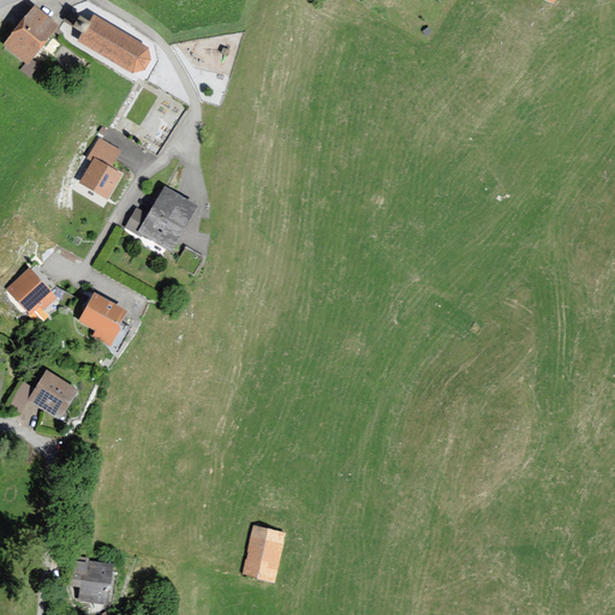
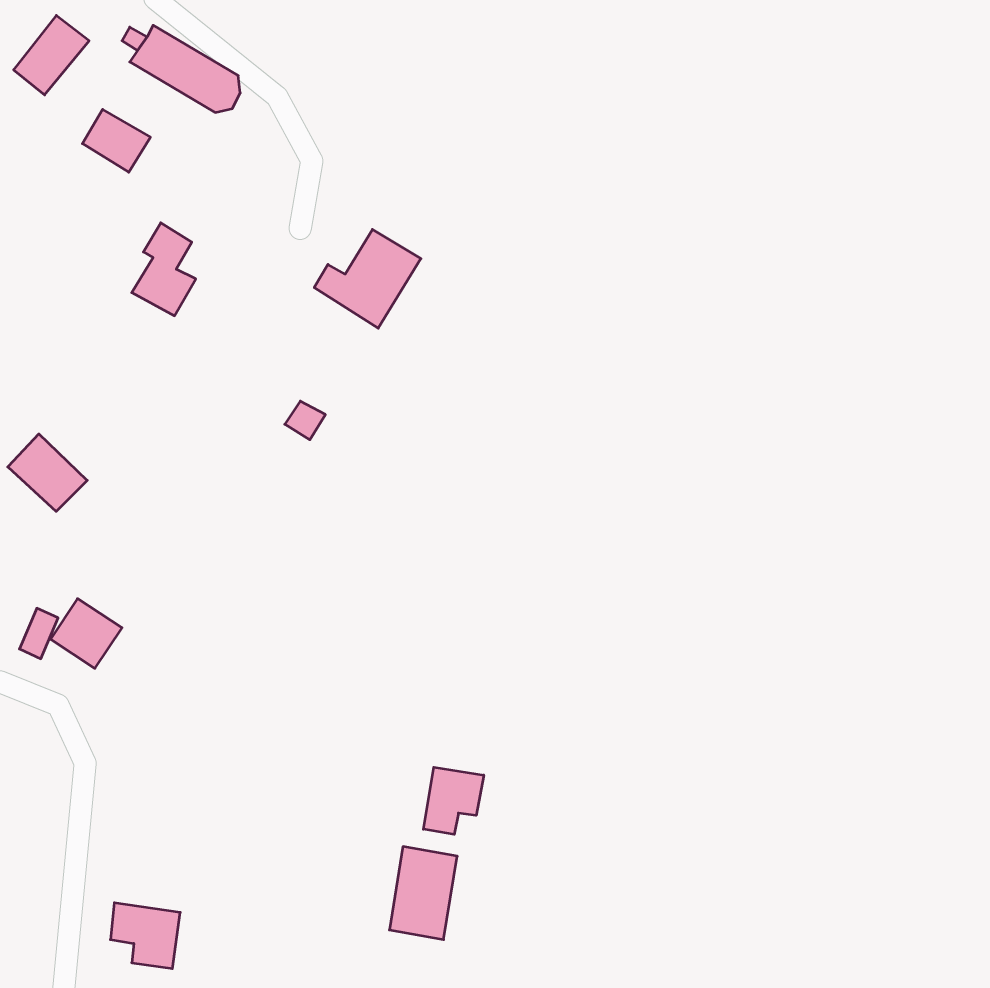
building: none -> [82,109,150,172]
building: [130,189,196,250] -> [314,229,421,328]
building: [83,294,125,342] -> none
building: none -> [423,767,484,834]

